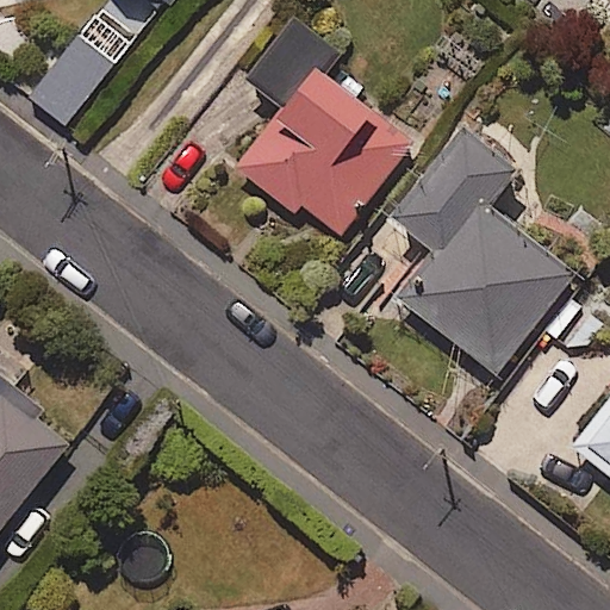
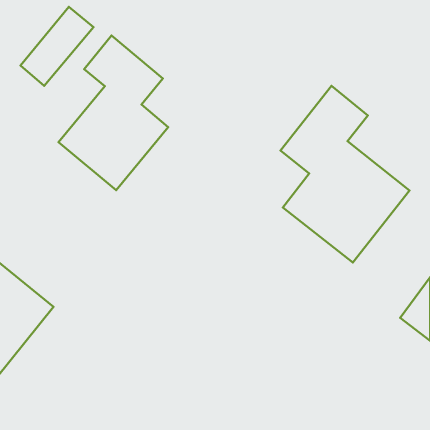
building: [232,15,416,236] -> none
building: none -> [58,36,168,190]

